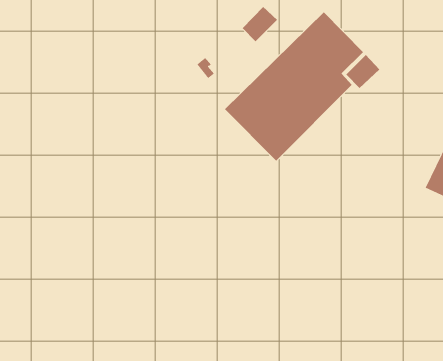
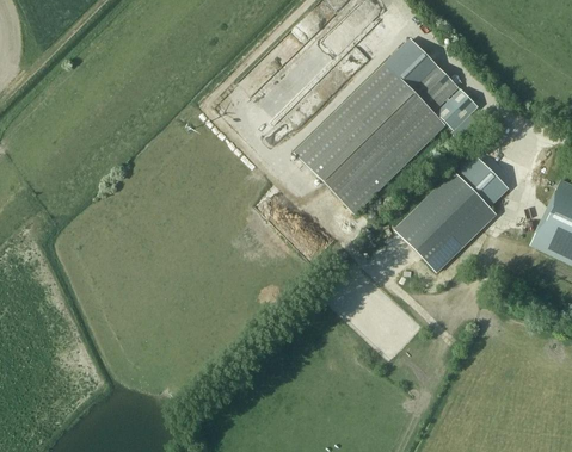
building: [242,6,278,42] -> none
building: none -> [394,157,509,271]

